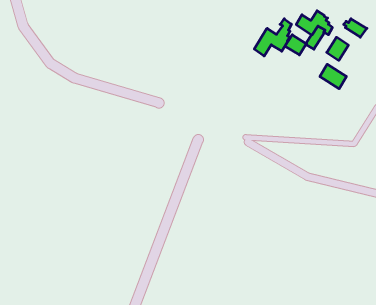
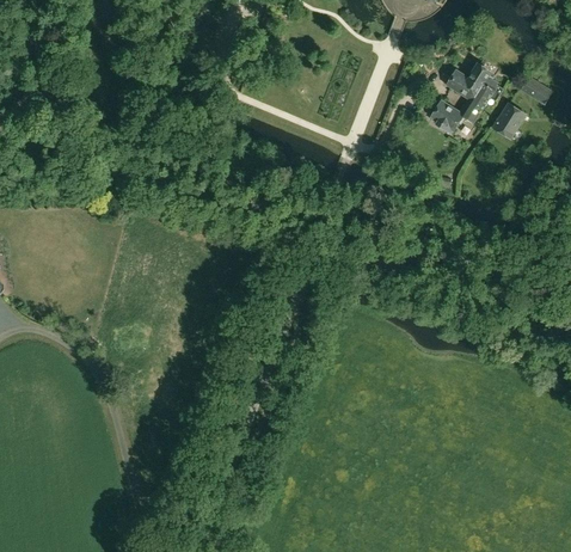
building: [254,19,291,56] -> none
building: [320,64,346,89] -> none

